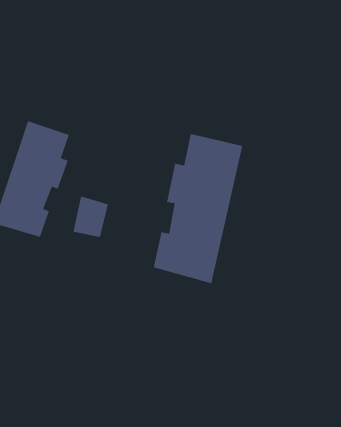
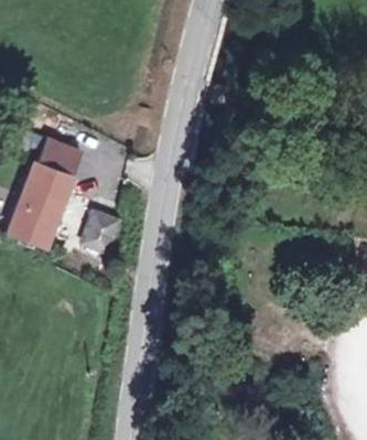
building: [153,133,243,284] -> none

